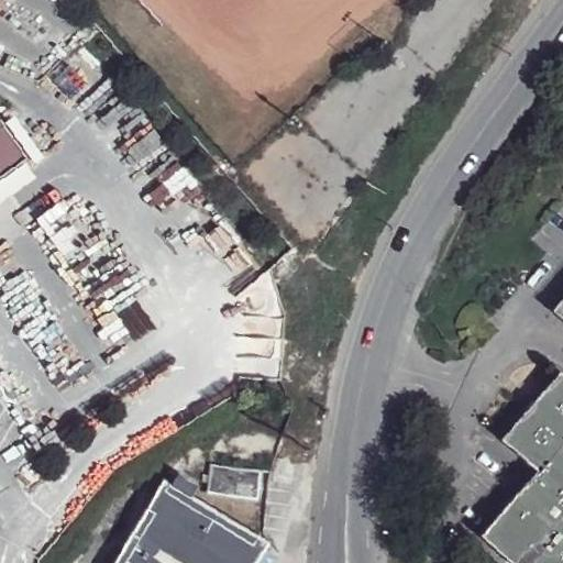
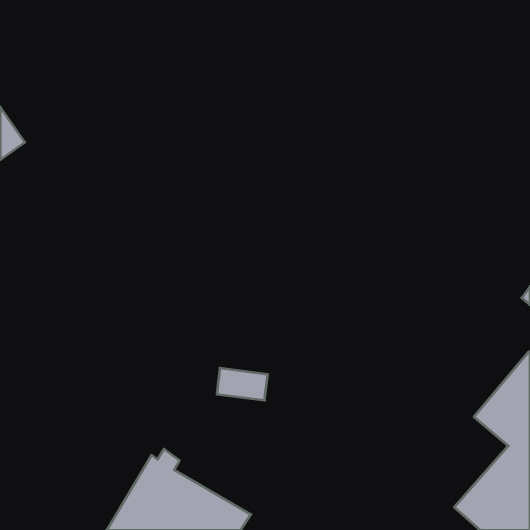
building: [206,467,260,501] -> [217,368,268,400]

